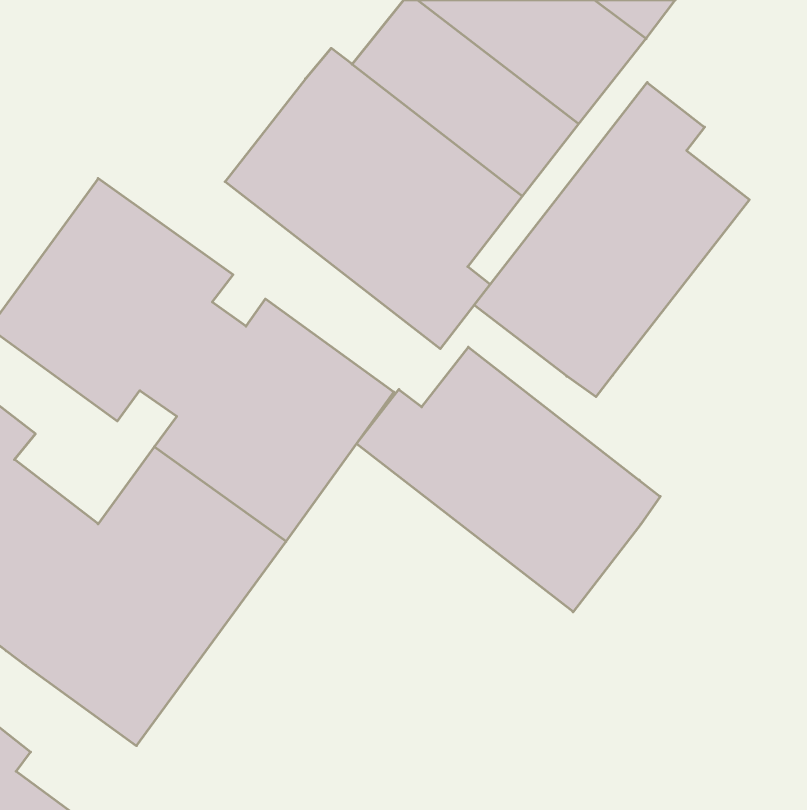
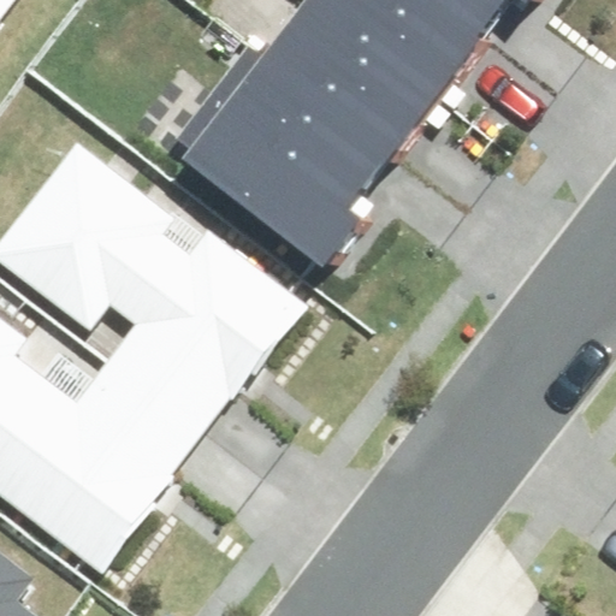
building: [474,82,749,397] -> none
building: [357,347,660,612] -> none

